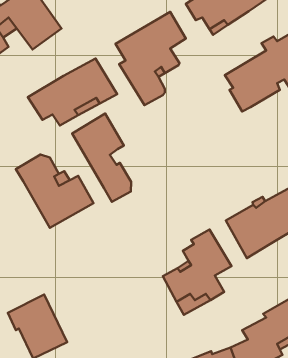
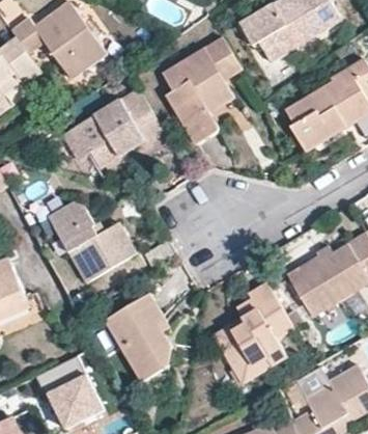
building: [72,114,131,202] -> none
building: none -> [105,293,171,380]

